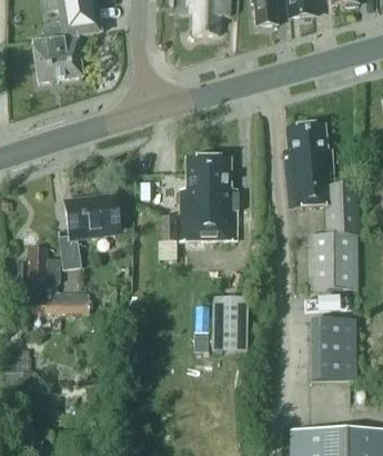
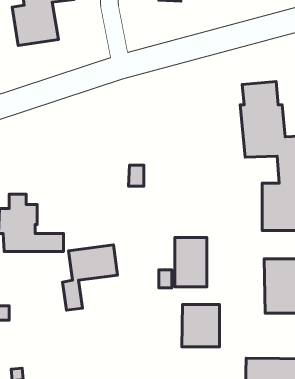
building: [181,157,236,239] -> none
building: [59,196,120,268] -> [62,245,118,310]
building: none -> [182,304,219,347]

